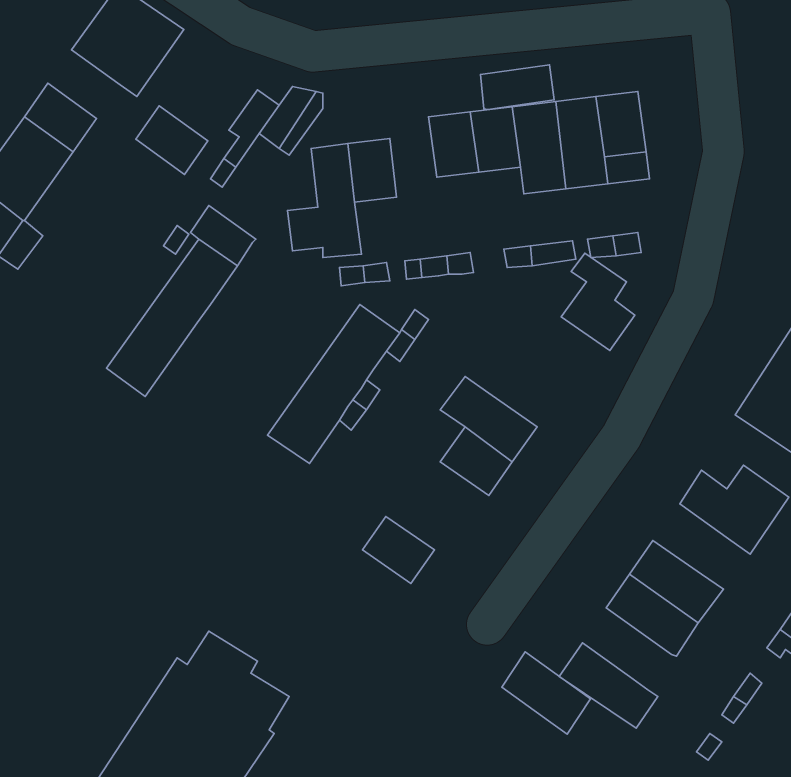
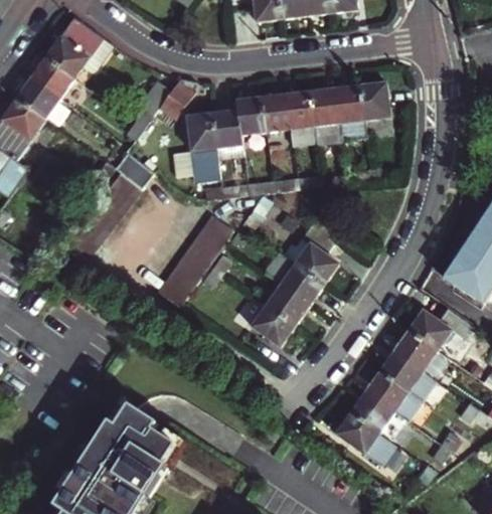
building: [480,65,554,110] -> none
building: [136,106,208,174] -> [29,57,72,99]
building: none -> [233,98,263,137]
building: [561,253,635,350] -> [294,225,338,284]
building: none -> [392,330,438,372]
building: [362,516,434,583] -> [251,305,294,345]
building: [502,652,591,734] -> [350,392,403,442]

